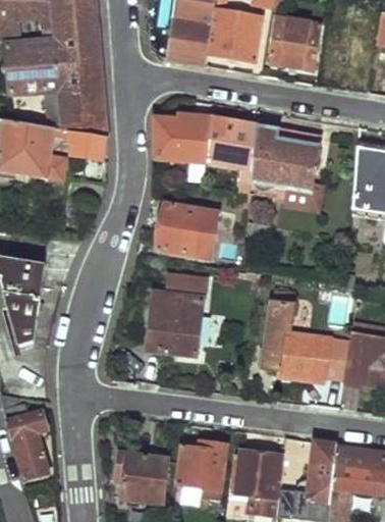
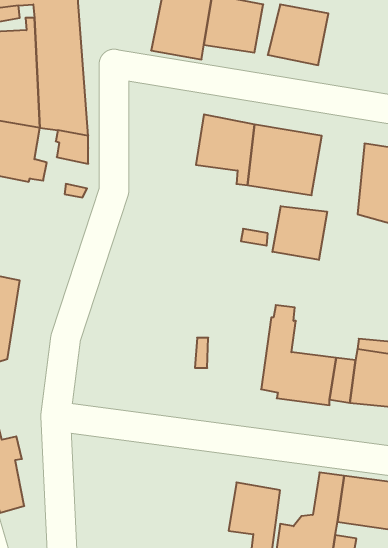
building: [155,112,211,162] -> none
building: none -> [272,206,327,260]
building: [156,202,217,259] -> none
building: [147,274,207,355] -> none
building: [174,438,225,500] -> none
building: [115,454,167,502] -> none

